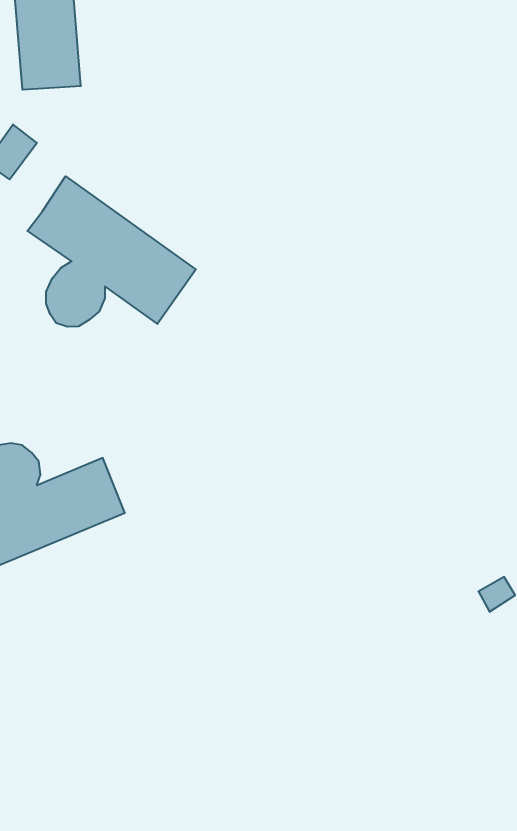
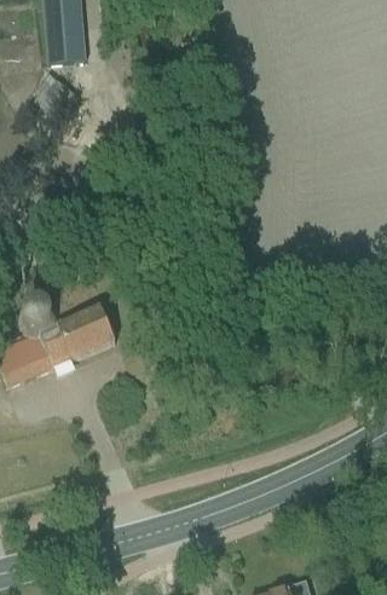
building: [27,176,196,327] -> none

